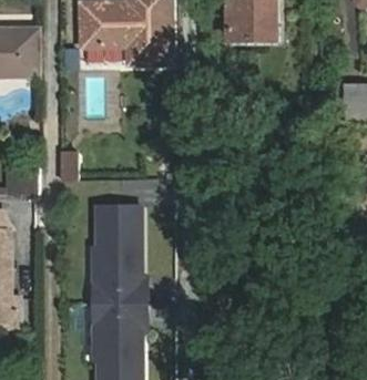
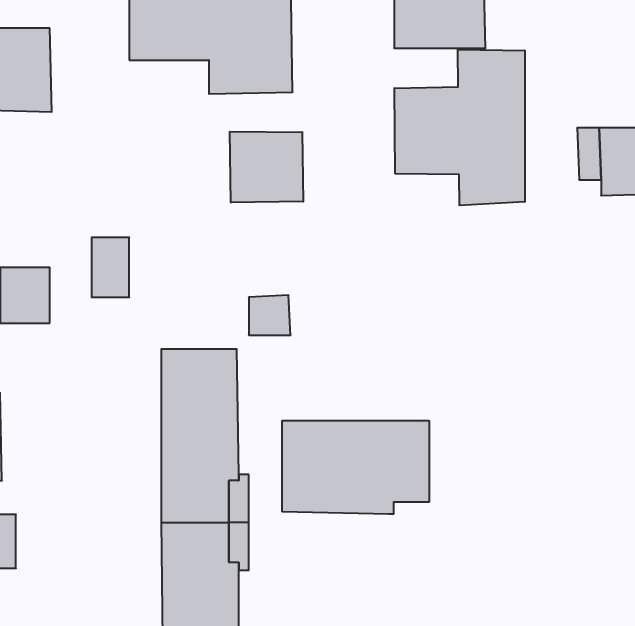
building: none -> [394,50,525,205]
building: none -> [230,132,303,203]
building: none -> [282,421,429,514]

